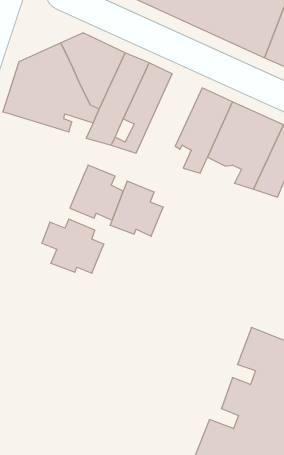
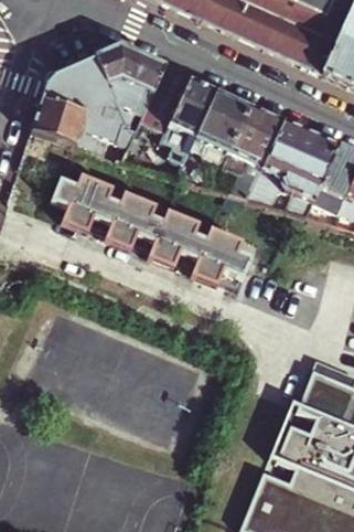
building: none -> [178,88,250,180]
building: none -> [192,224,254,286]
building: [42,219,104,273] -> [52,171,120,231]

